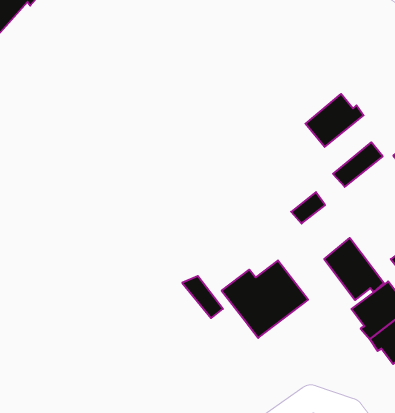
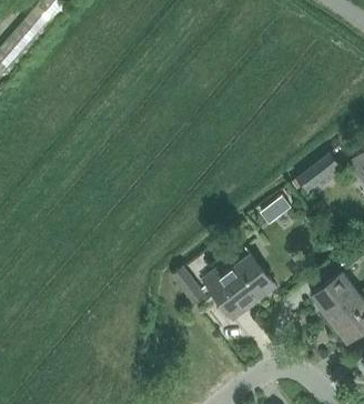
building: [305,94,364,147] -> none
building: [324,238,384,300] -> none

